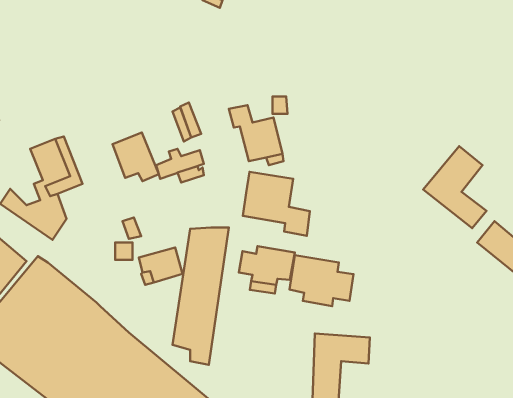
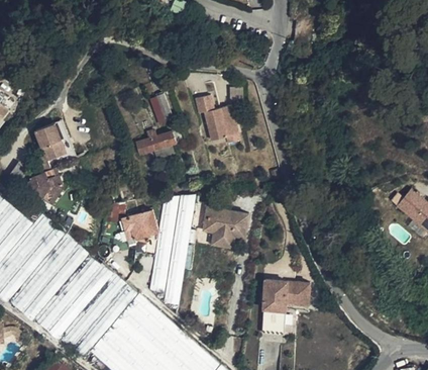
building: [112,132,159,181] -> none
building: [423,146,486,228] -> none
building: [243,172,310,236] -> none
building: [290,255,354,306] -> none

